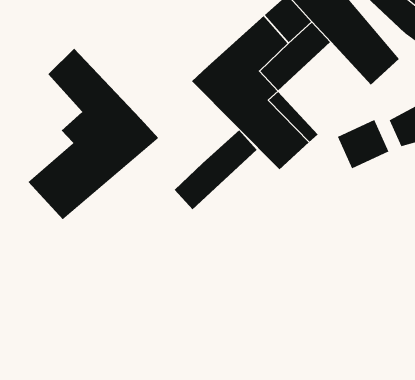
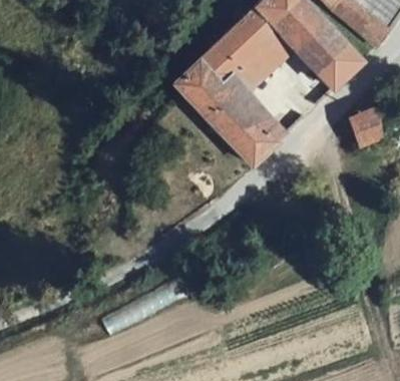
building: [28,48,159,220] -> none
building: [337,119,389,169] -> none
building: [174,129,258,210] -> none

